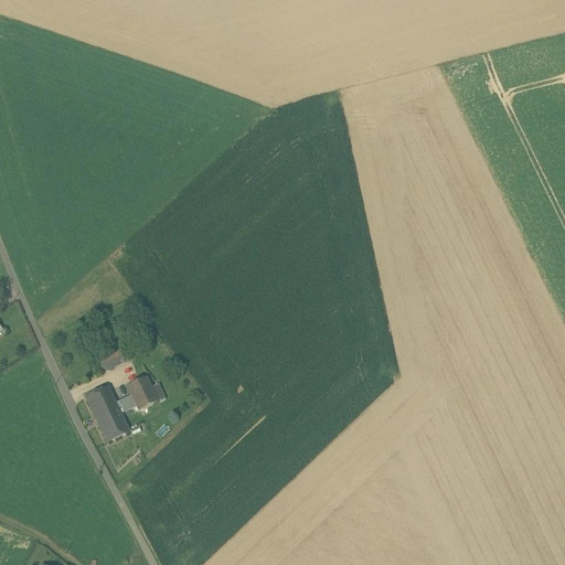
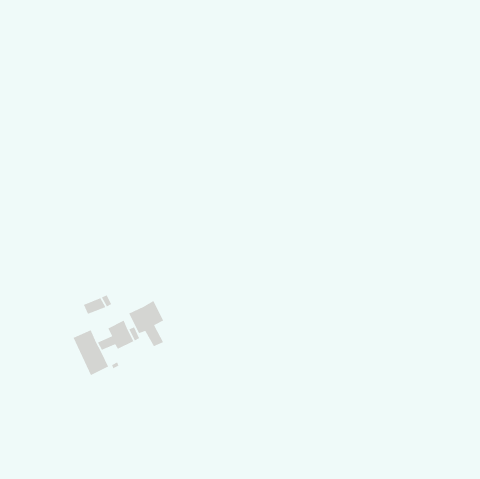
building: none -> [128,300,164,347]

